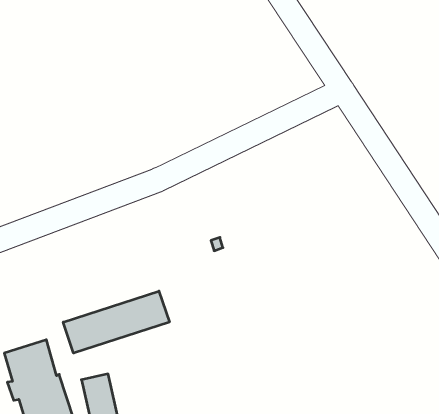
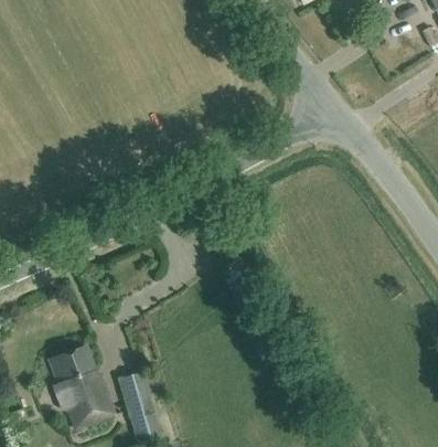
building: [63,291,169,353] -> none

